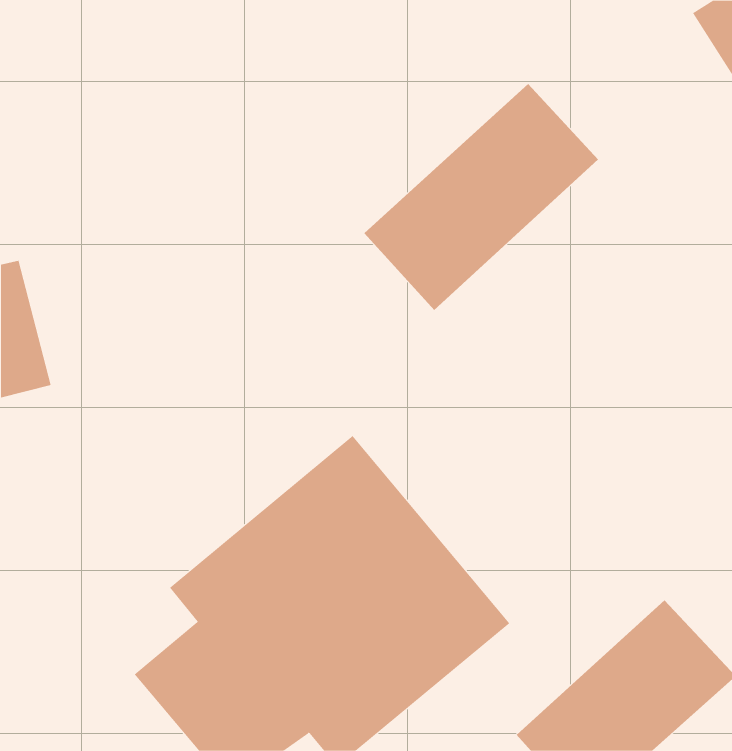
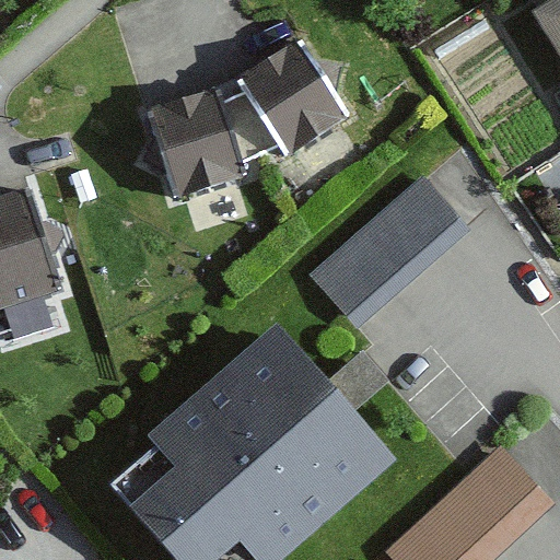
building: none -> [143,40,338,187]
building: [364,83,599,311] -> [310,167,485,337]

